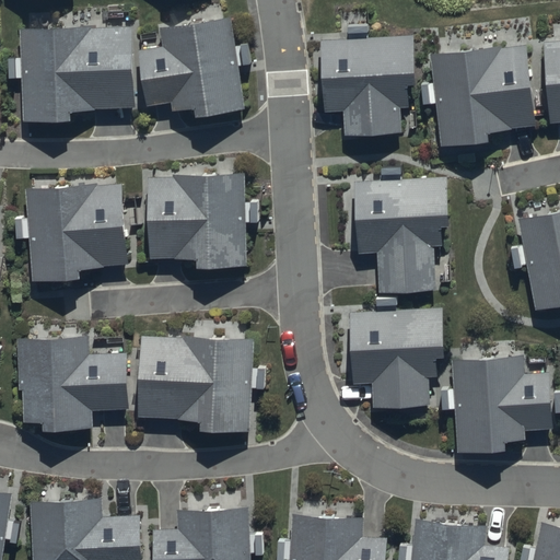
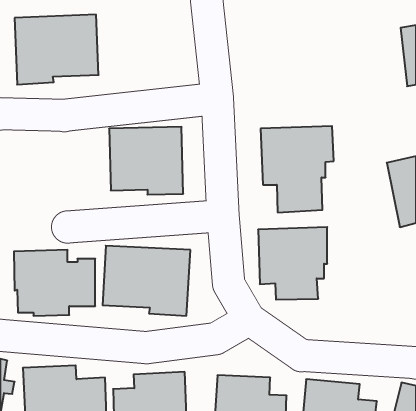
building: [140,22,245,118] -> none
building: [318,34,413,133] -> none
building: [428,44,533,144] -> none
building: [27,189,127,284] -> none
building: [450,358,549,453] -> none

